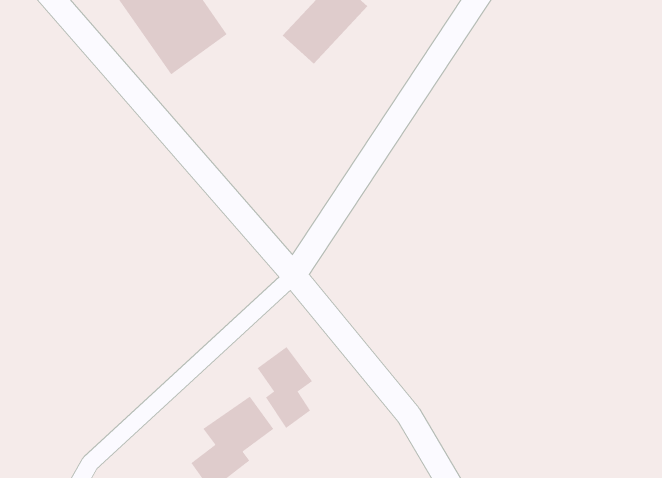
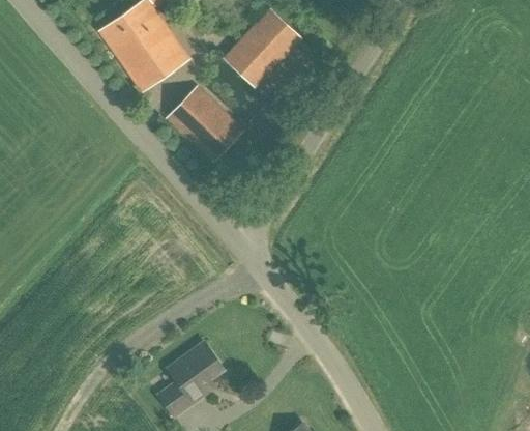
building: none -> [167,86,242,162]
building: [257,346,313,429] -> none

